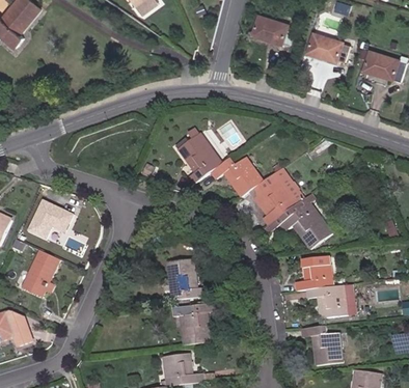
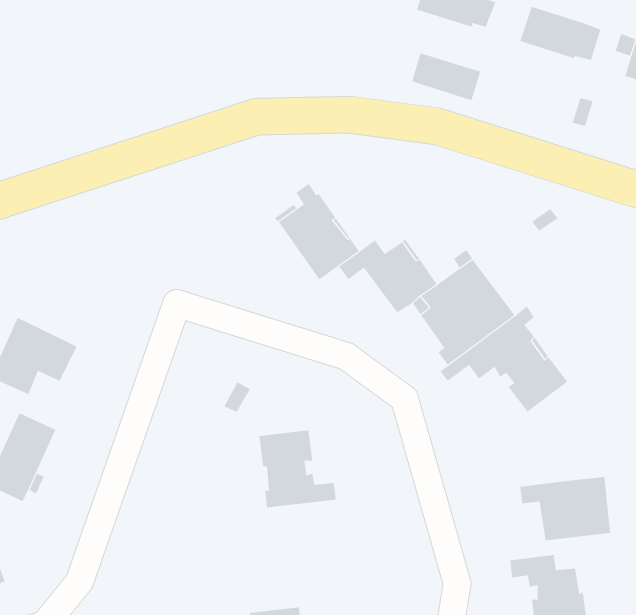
building: none -> [411,52,481,101]
building: [295,256,332,290] -> none
building: [182,303,217,345] -> none

